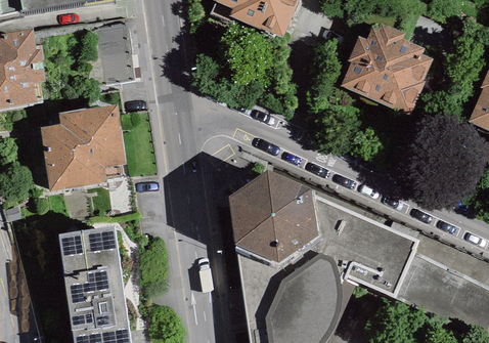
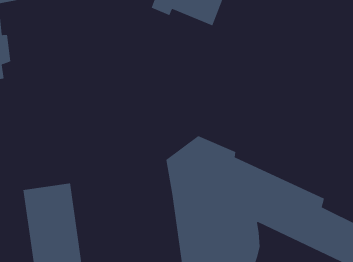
building: [341,24,433,116] -> none
building: [40,103,126,191] -> none

